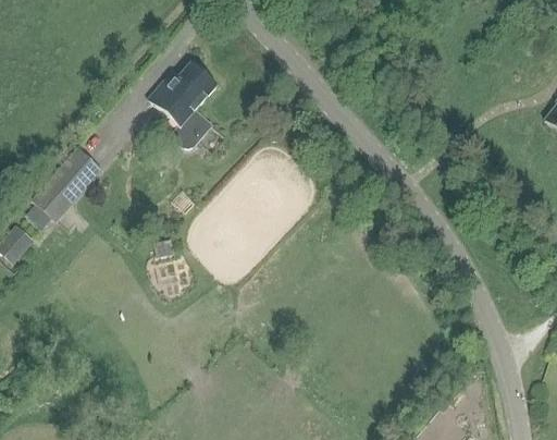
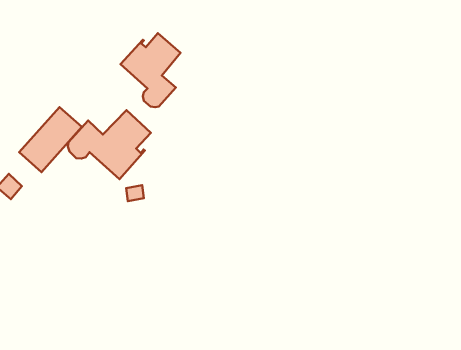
building: none -> [68,110,151,179]

